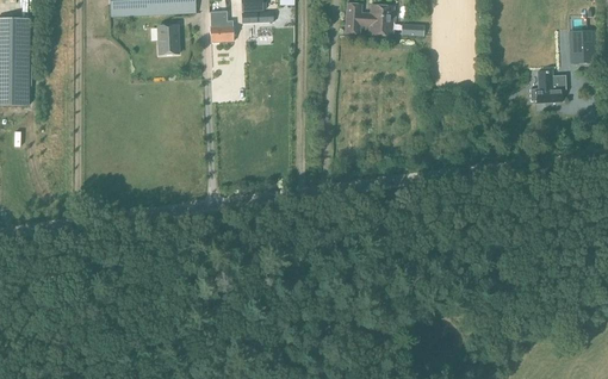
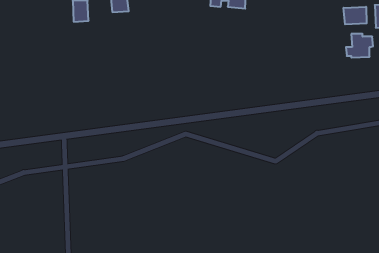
building: none -> [344,7,367,24]

